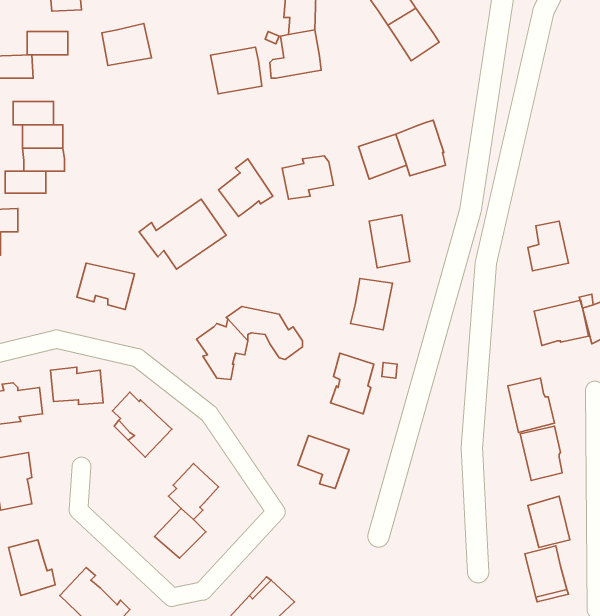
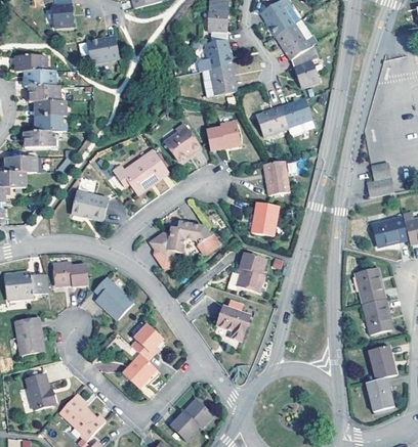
building: [27,31,68,55] -> [25,70,51,85]
building: none -> [291,44,320,87]
building: [210,47,262,94] -> [202,64,236,95]

